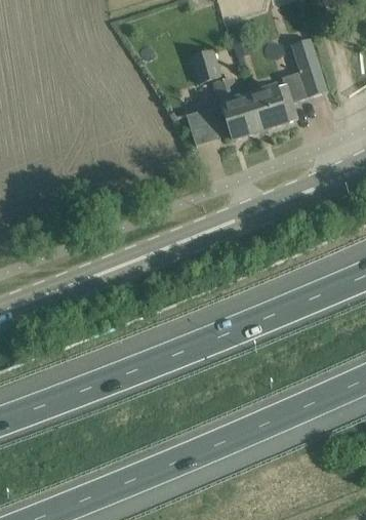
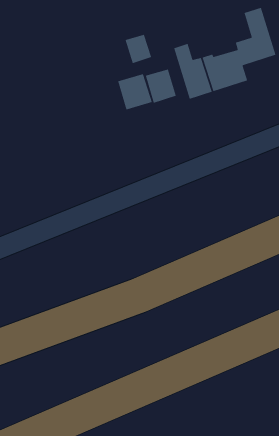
building: [191,50,220,83] -> [125,34,152,64]
building: none -> [117,73,153,111]

